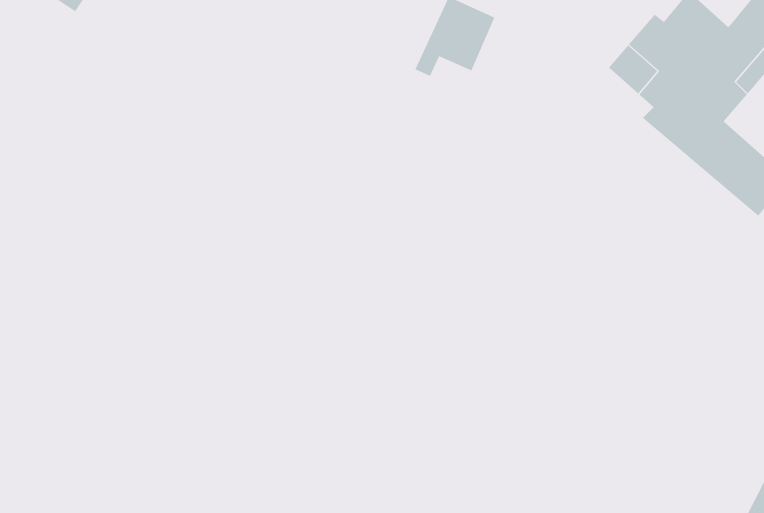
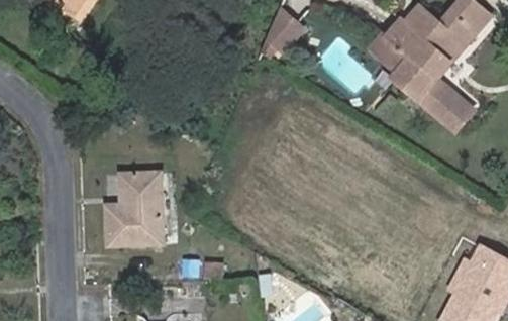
building: none -> [107,169,163,240]

